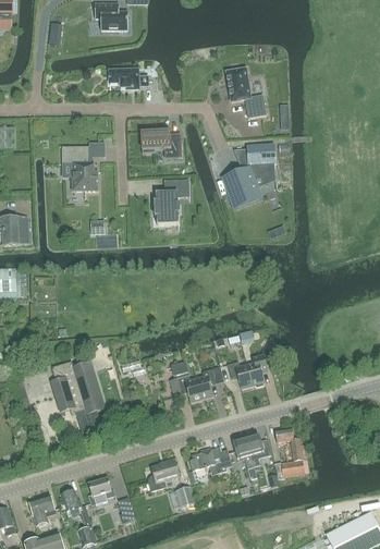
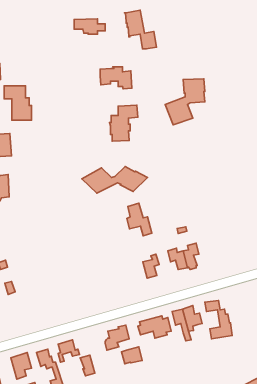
building: [225,68,266,117] -> [125,10,156,49]
building: [62,146,97,190] -> [4,86,32,120]
building: none -> [82,167,147,193]
building: [50,361,105,432] -> none
building: [170,361,201,402] -> [127,203,152,236]

